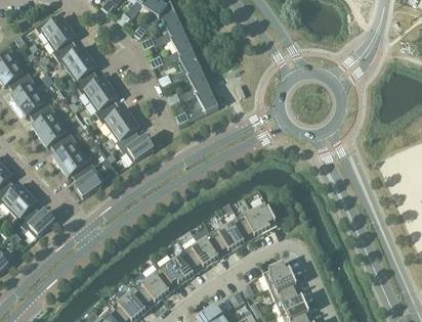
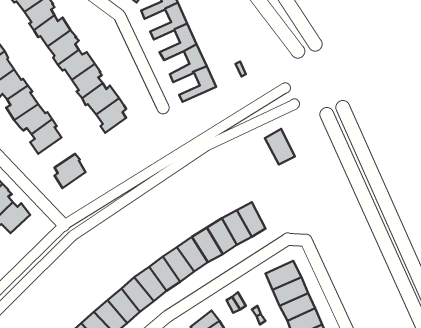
building: [120,134,153,160] -> none
building: [60,151,93,178] -> none
building: [250,200,277,232] -> [265,129,295,165]

